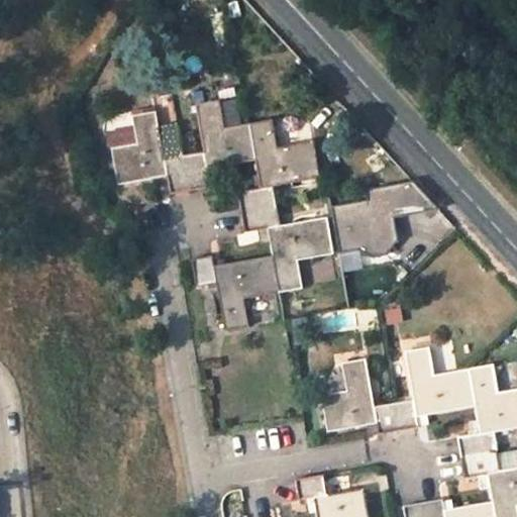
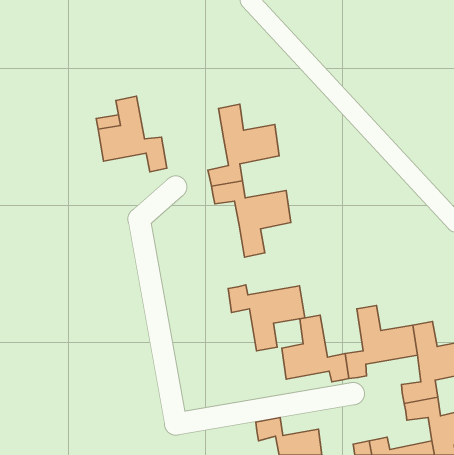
building: [185,98,255,191] -> none
building: [330,182,438,257] -> none
building: [192,254,279,329] -> [228,285,305,351]

